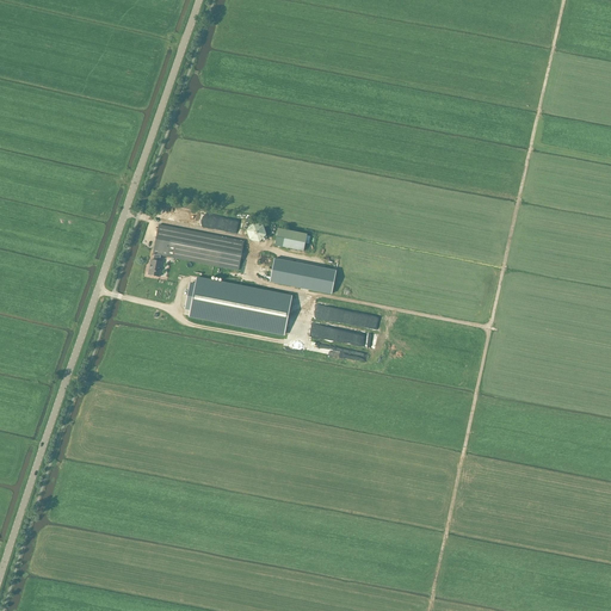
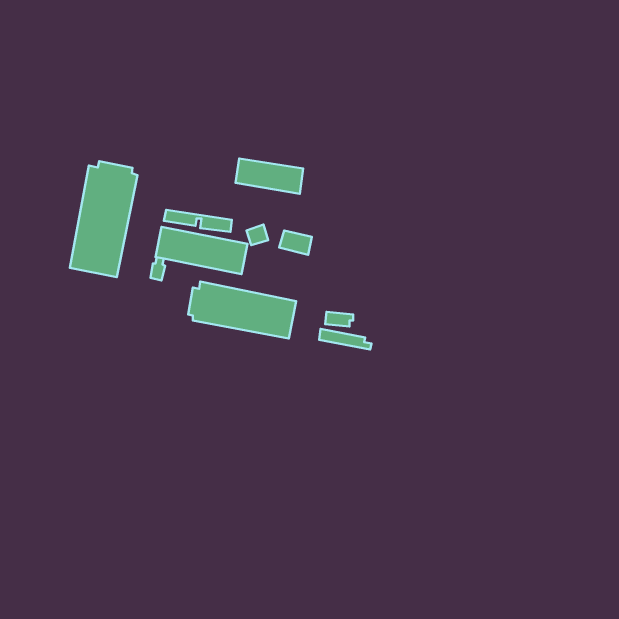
building: none -> [70,161,137,277]
building: [267,258,334,292] -> [235,159,303,194]

